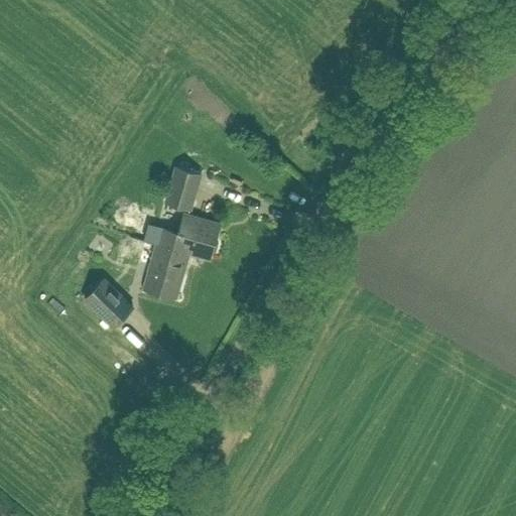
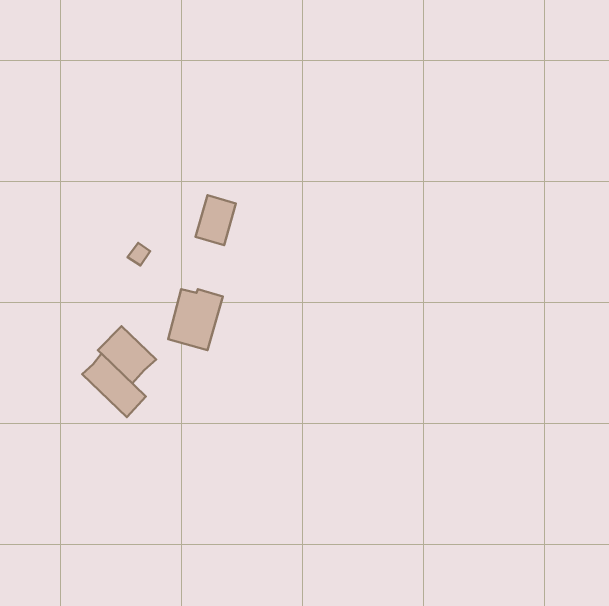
building: [153,214,219,259] -> none
building: none -> [82,354,146,417]

